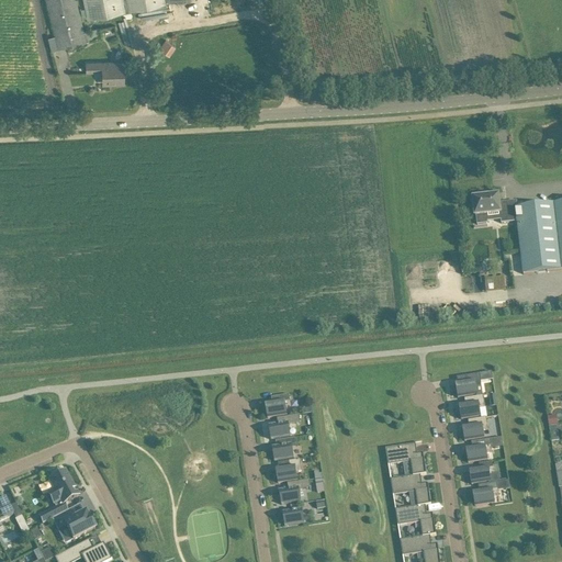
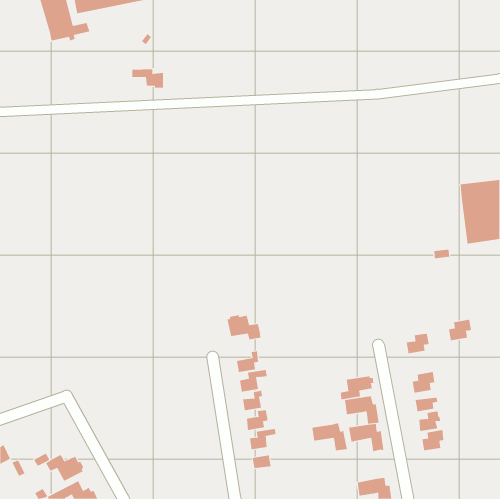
building: [86,59,122,81] -> [132,69,164,88]
building: [472,194,516,224] -> none
building: none -> [227,315,261,340]
building: [458,394,484,418] -> [448,319,472,341]
building: none -> [340,375,374,400]
building: [46,471,77,502] -> none
building: [395,504,436,536] -> [312,422,348,451]

